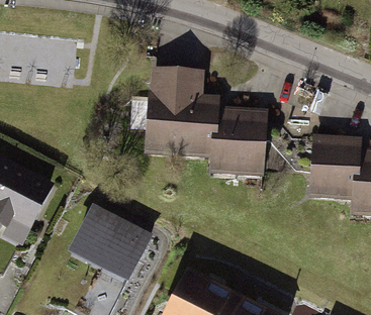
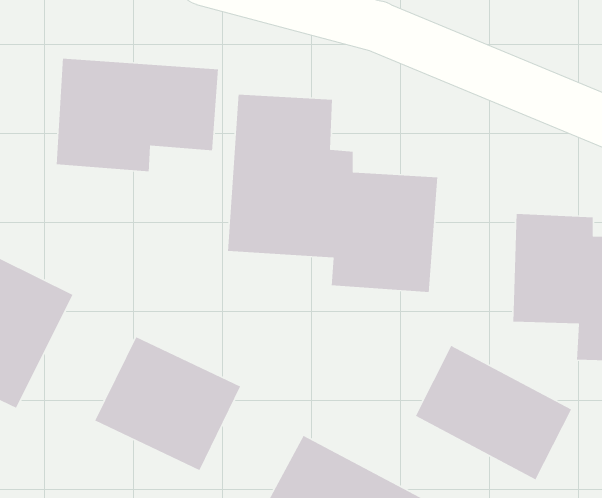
building: none -> [56,58,219,172]
building: none -> [415,345,572,480]

